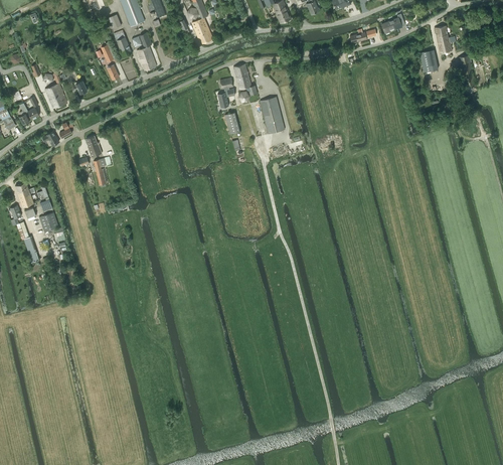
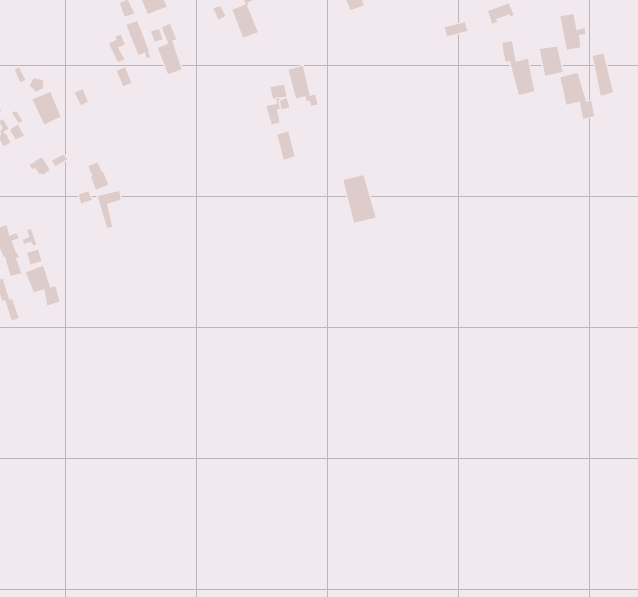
building: none -> [501,41,535,96]
building: none -> [560,72,595,119]
building: [260,97,285,133] -> [342,174,376,223]

